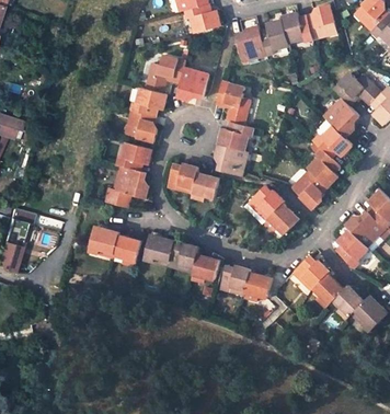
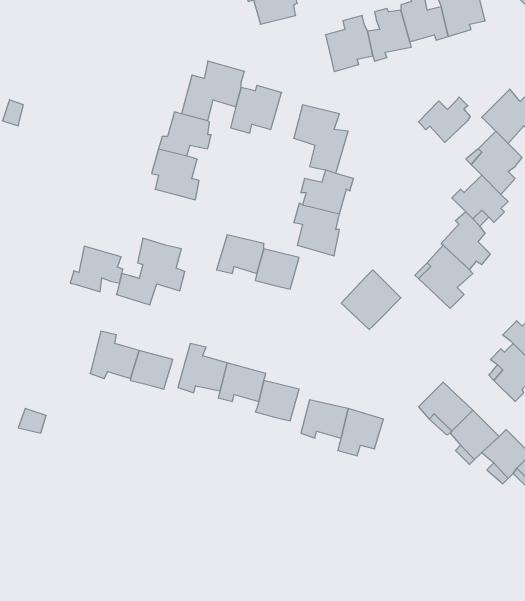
building: none -> [418,97,470,142]
building: [117,141,150,170] -> [70,246,123,292]
building: [265,203,299,233] -> none

